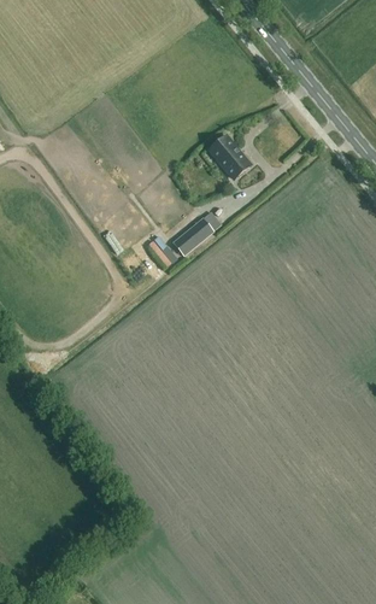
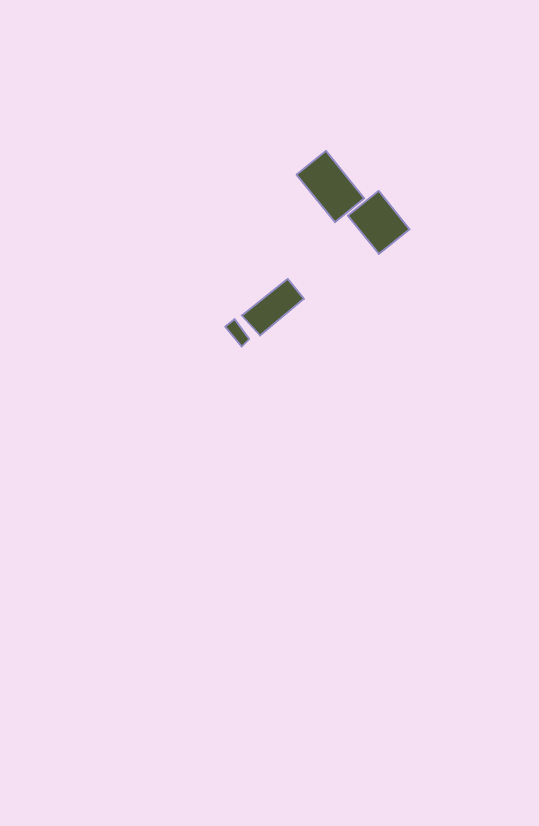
building: none -> [348,191,410,254]

